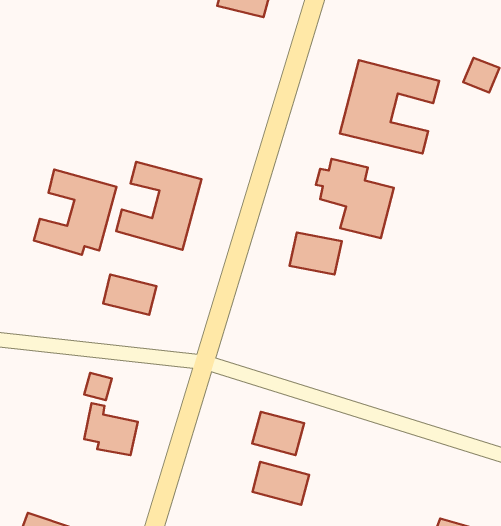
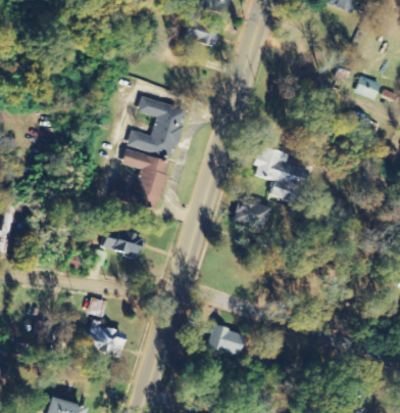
building: [340,60,439,154] -> none
building: [34,170,116,255] -> [129,95,187,155]
building: [252,462,309,505] -> none

